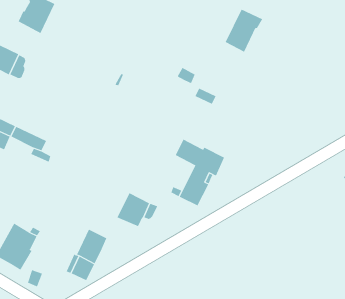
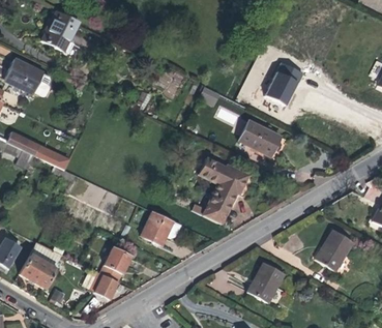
building: [225,9,263,52] -> [266,62,304,106]
building: none -> [239,120,281,155]
building: none -> [316,229,353,270]
building: none -> [248,262,285,302]

